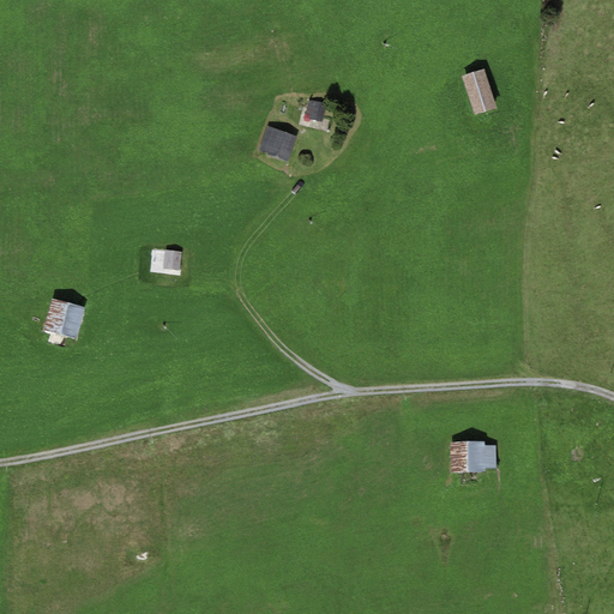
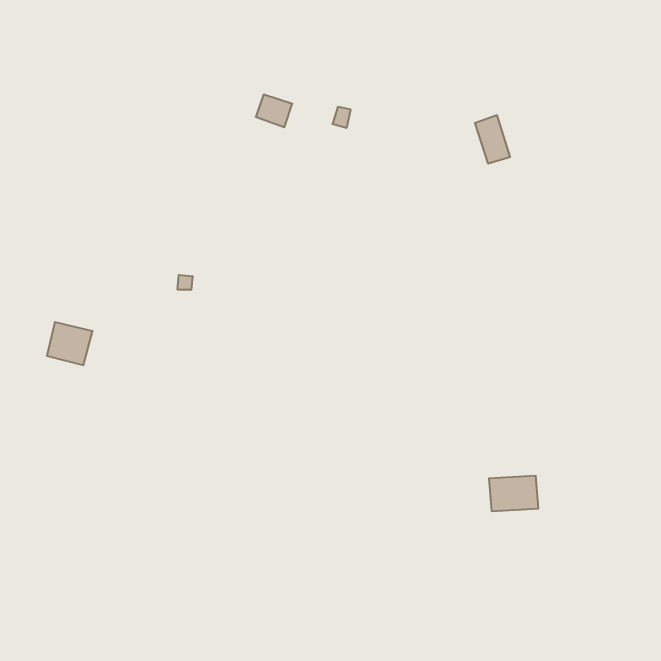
building: [463,70,495,114] -> [475,115,510,163]
building: [259,130,293,159] -> [256,95,292,127]

